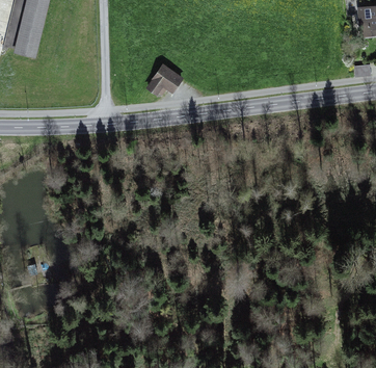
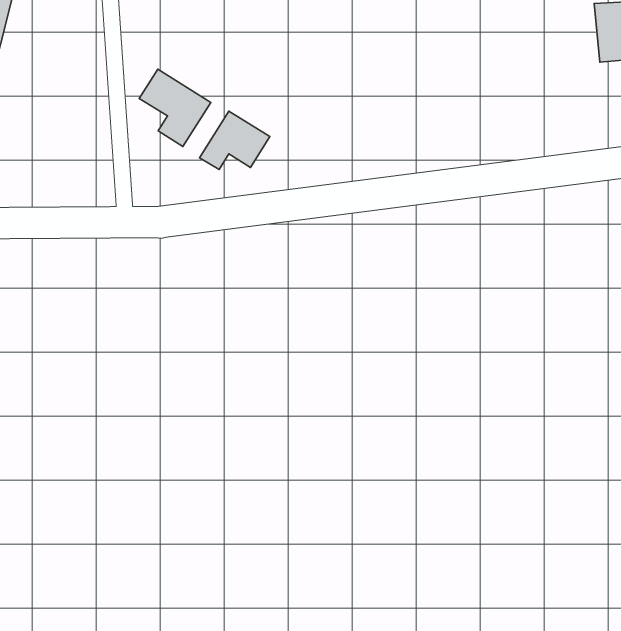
building: none -> [139,69,211,147]

